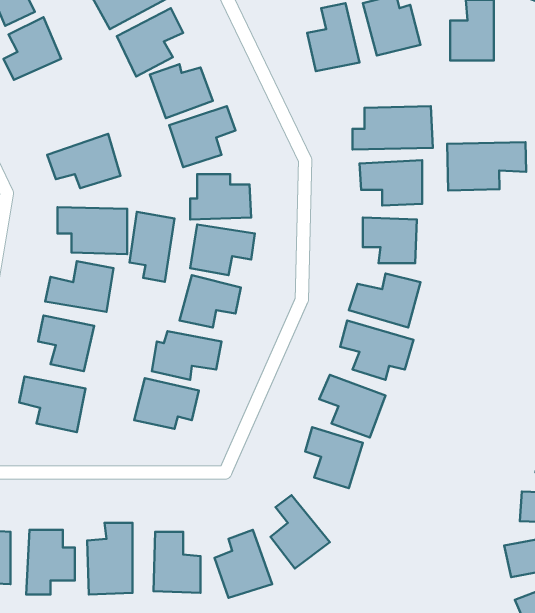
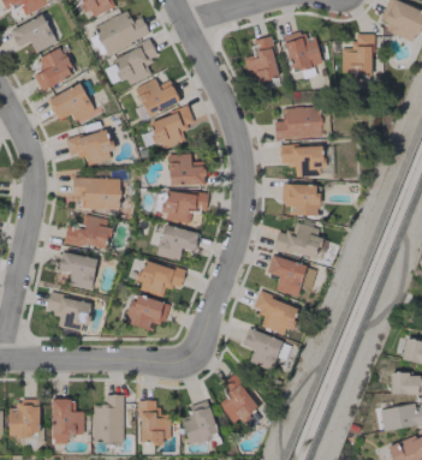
building: none -> [48,84,95,123]
building: [447,142,526,190] -> none
building: [129,212,175,282] -> none

